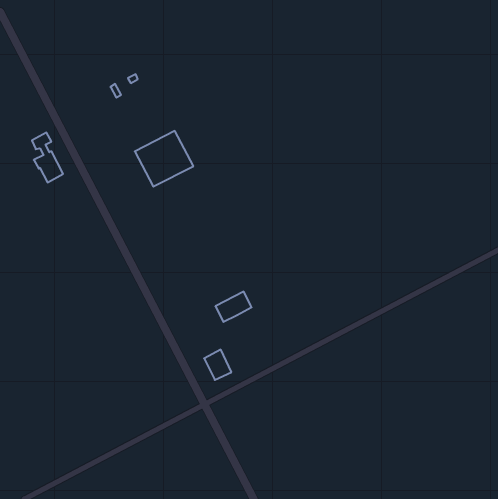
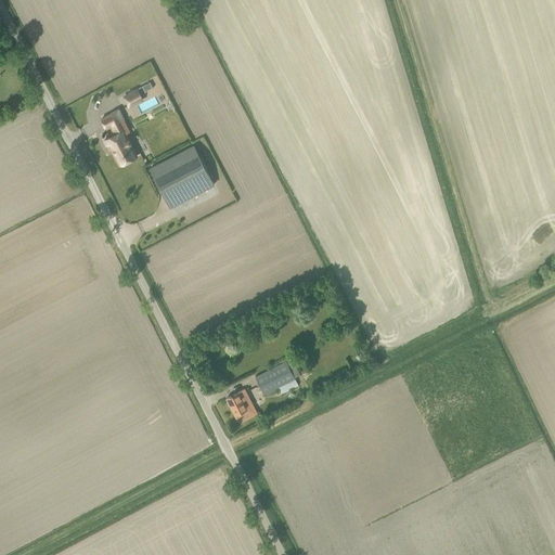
building: [32,133,63,182] -> [103,109,138,165]
building: [215,292,252,322] -> [256,361,296,395]

